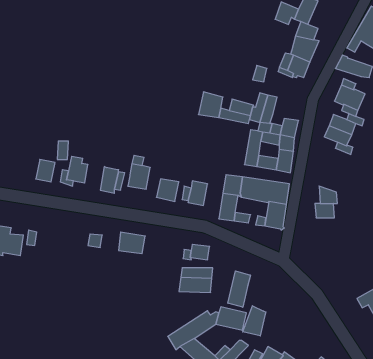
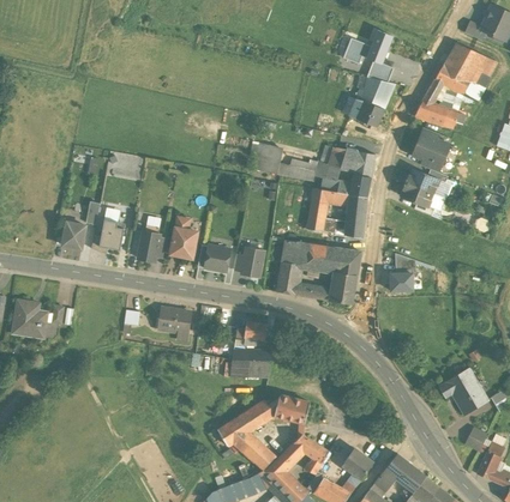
building: none -> [341,150,374,174]
building: [228,271,250,307] -> none
building: [243,306,266,336] -> none

